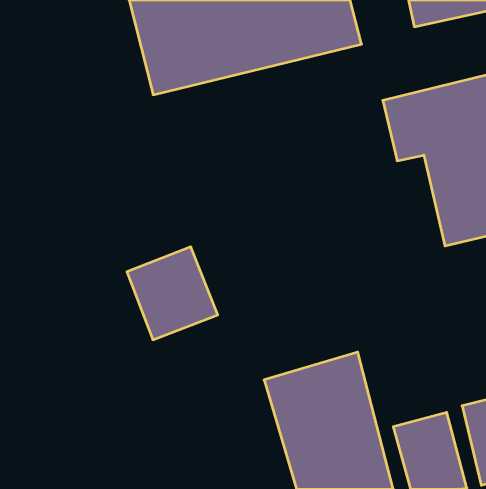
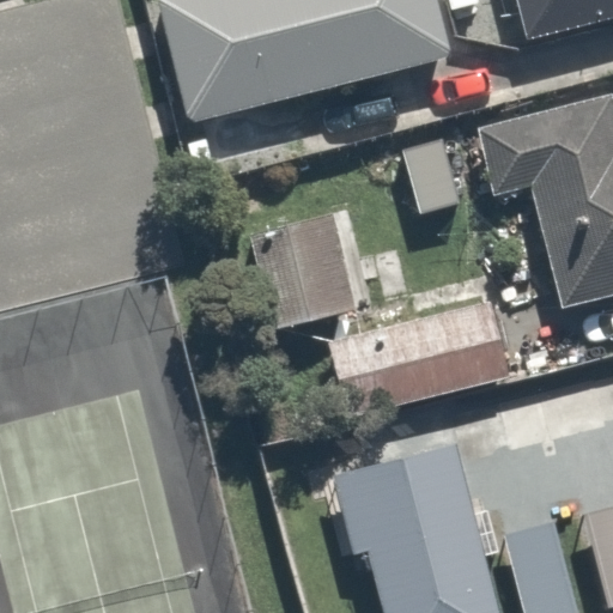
building: none -> [329,293,511,427]
building: [127,247,218,340] -> [250,216,364,332]

